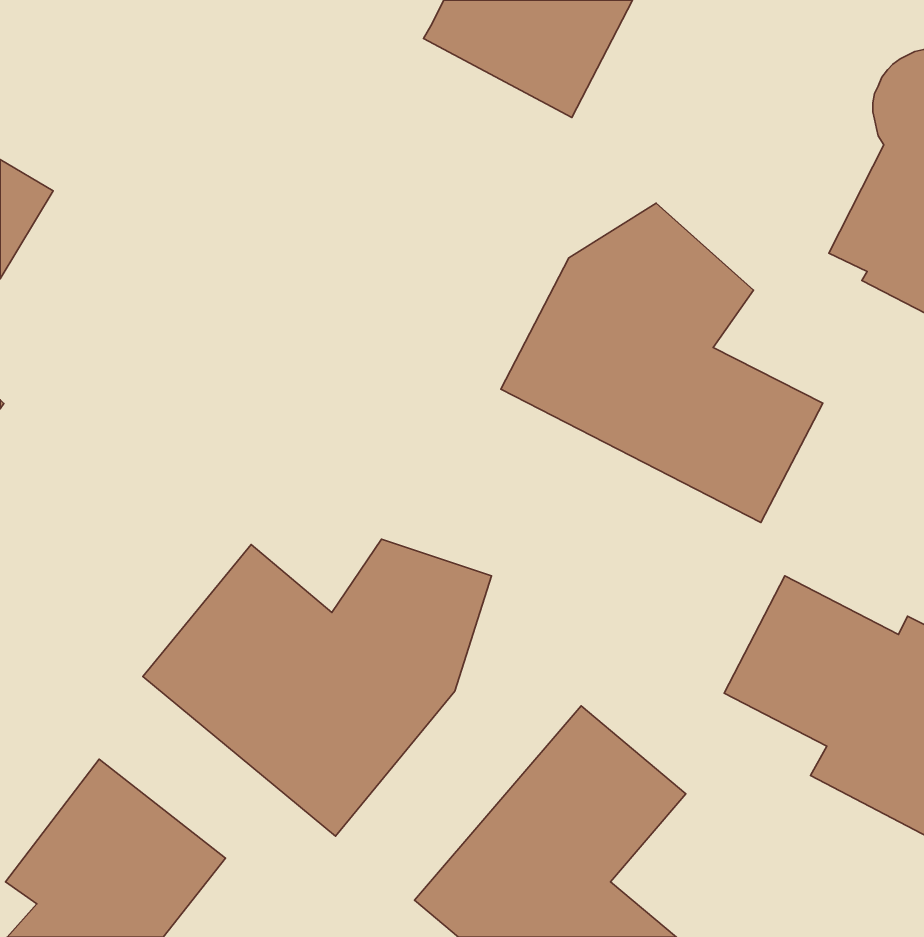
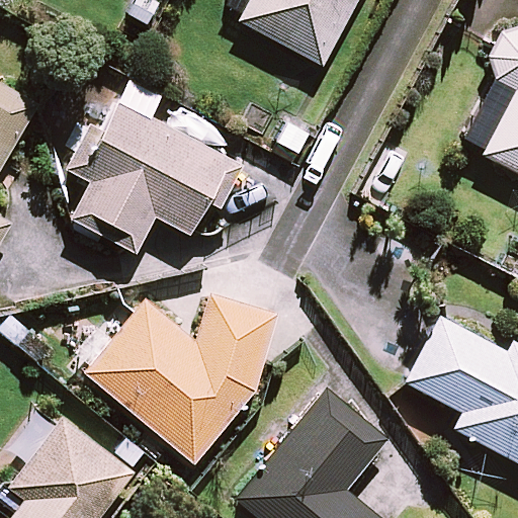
building: none -> [67,79,240,252]
building: [501,203,823,523] -> none

